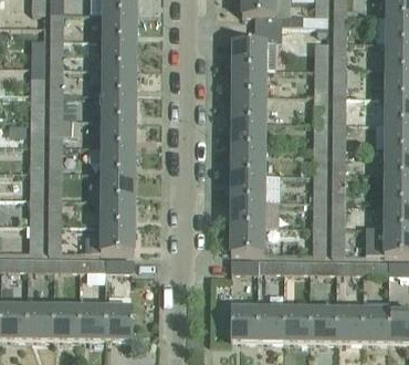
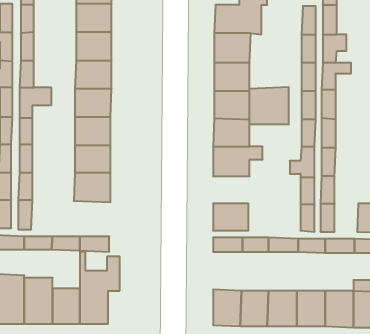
building: none -> [250,87,289,125]
building: [231,200,265,226] -> none
building: [85,223,135,250] -> none

